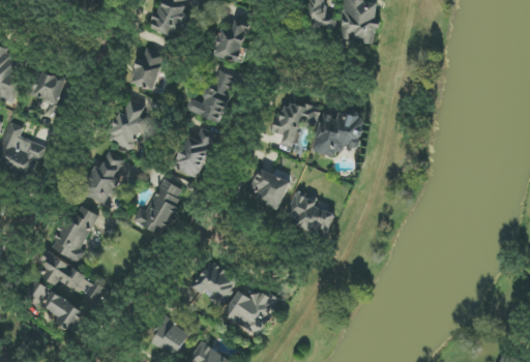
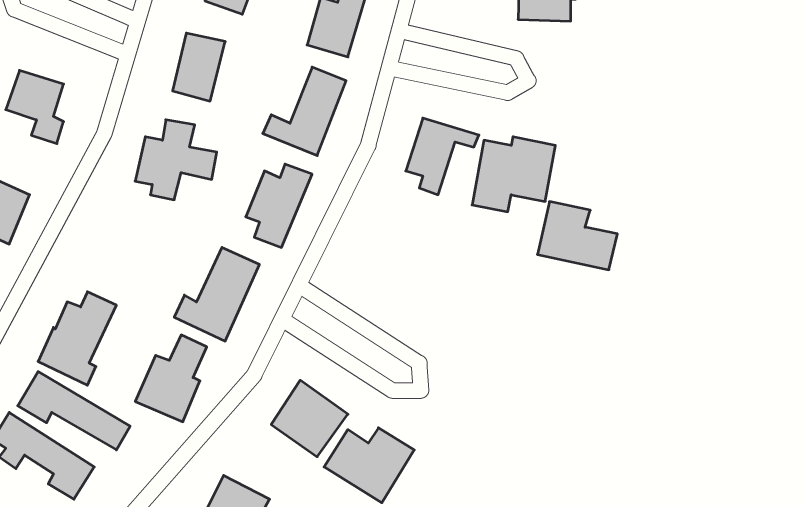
building: [79,152,122,205] -> [135,335,207,422]
building: [245,167,290,209] -> none
building: [285,191,333,233] -> [537,202,617,270]

